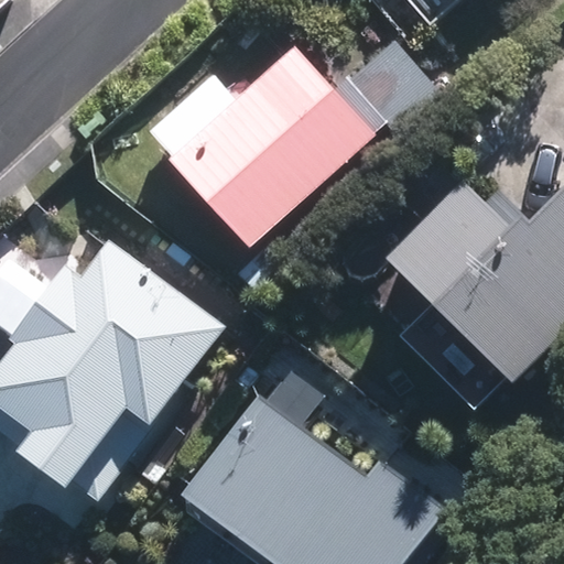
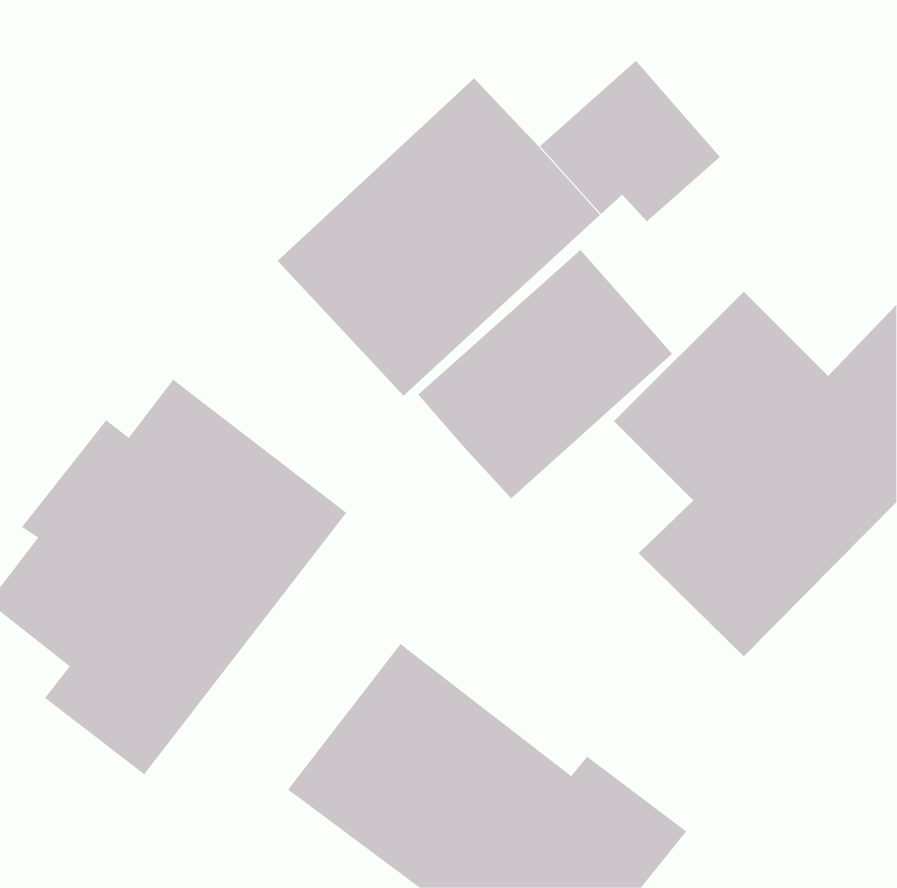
building: none -> [417,249,673,499]

